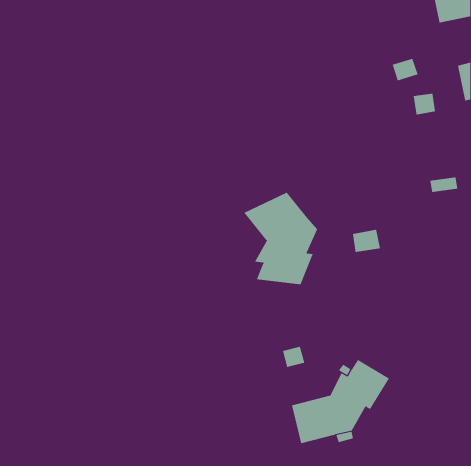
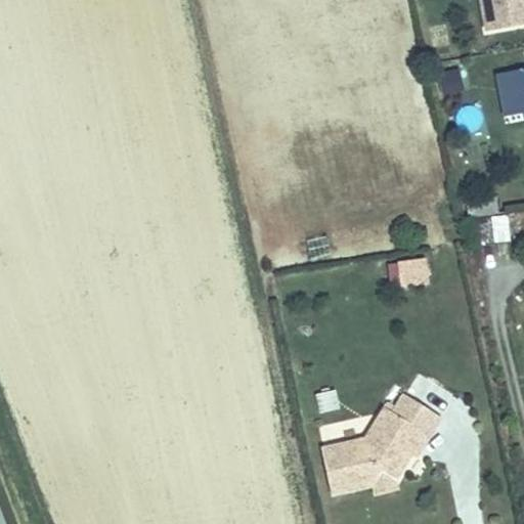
building: [244,192,318,285] -> none

